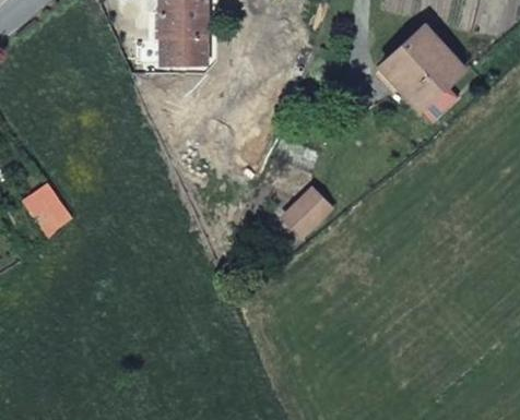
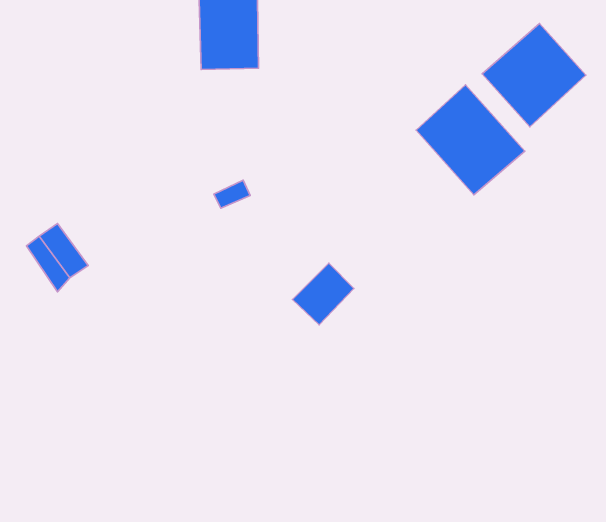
building: none -> [416,85,525,195]
building: [282,188,330,236] -> [292,263,354,325]

